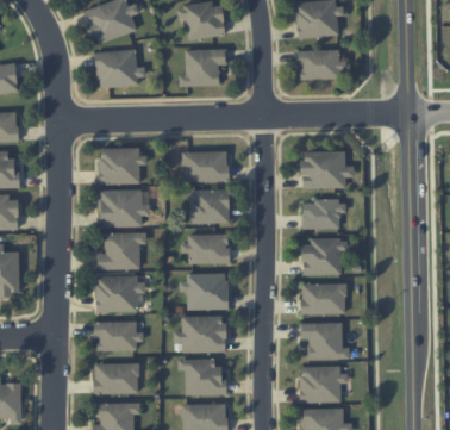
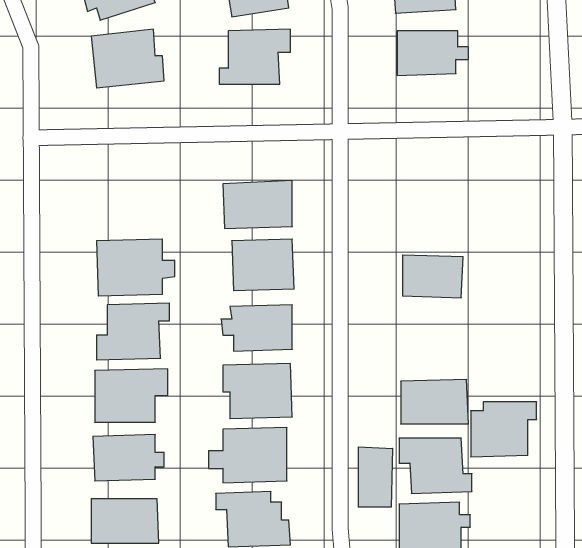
building: [99,147,143,185] -> none
building: [301,151,354,188] -> none
building: [302,238,346,275] -> [471,402,537,457]
building: none -> [358,447,393,507]

